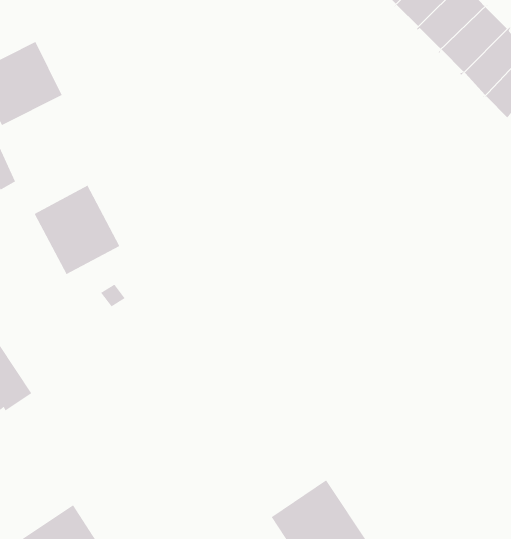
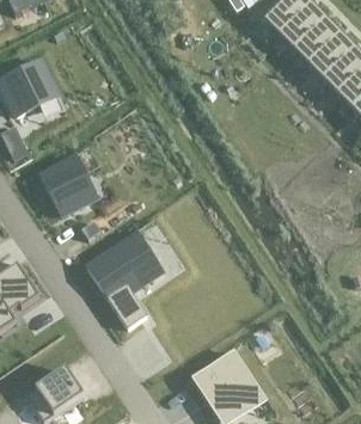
building: none -> [85,232,160,327]

